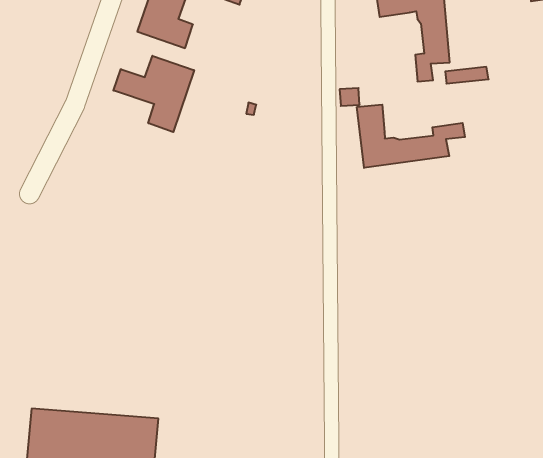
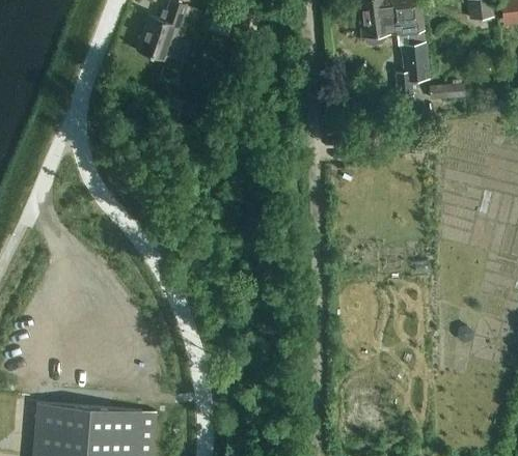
building: [113,56,194,132] -> none
building: [357,105,465,168] -> none

